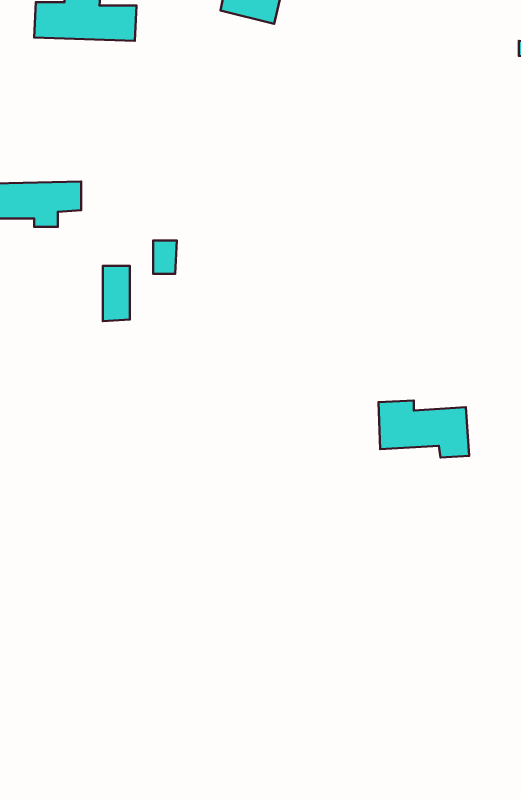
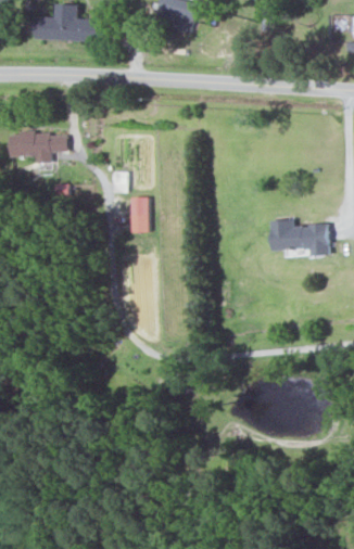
building: [103,266,130,321] -> [130,196,148,232]
building: [378,400,469,457] -> [270,219,329,256]

